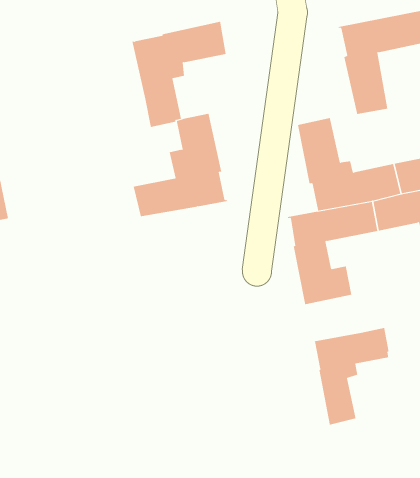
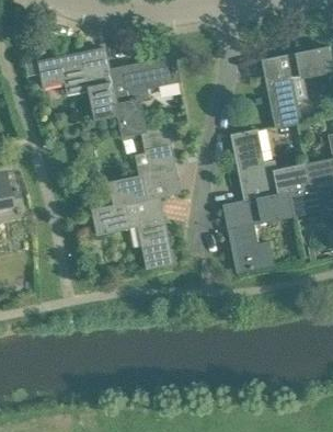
building: none -> [37,47,116,118]
building: none -> [91,196,171,266]
building: [314,327,389,425] -> none

